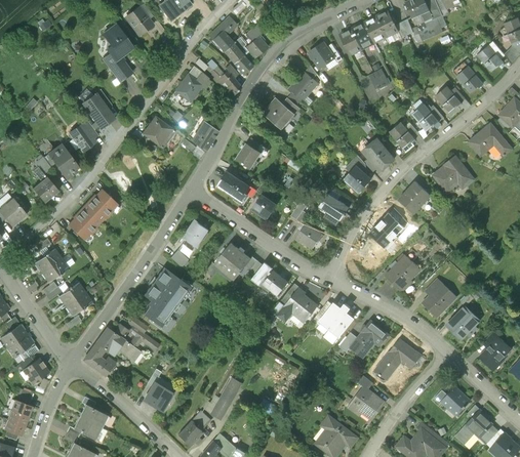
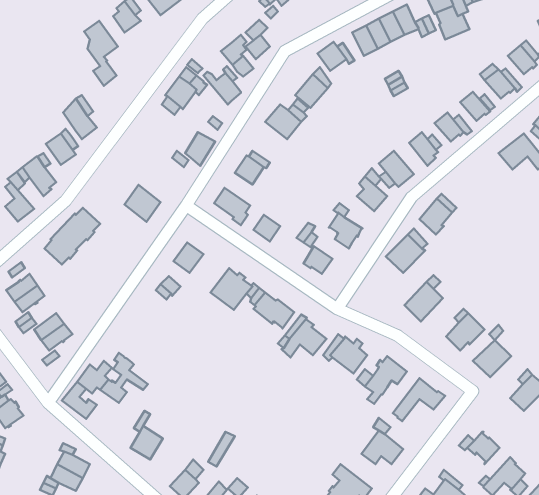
building: [209,16,236,51] -> none
building: [143,116,174,149] -> [125,185,160,222]
building: [434,157,473,191] -> none
building: [143,267,192,330] -> none

